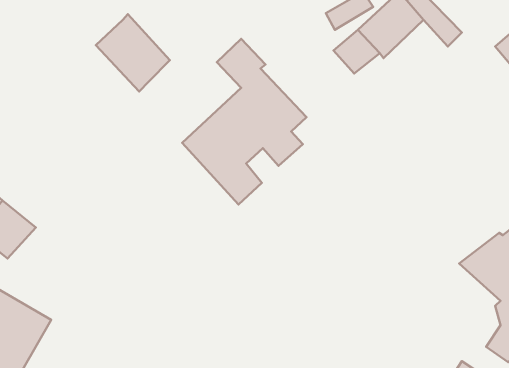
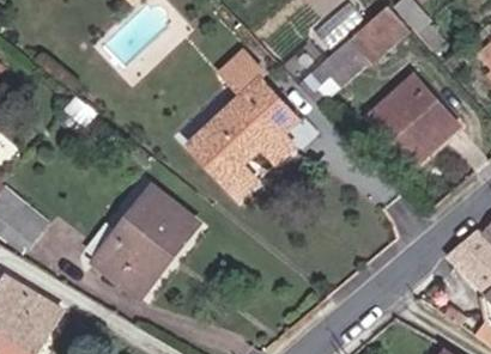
building: [96,14,170,91] -> none
building: none -> [365,71,460,169]
building: none -> [85,181,200,303]

